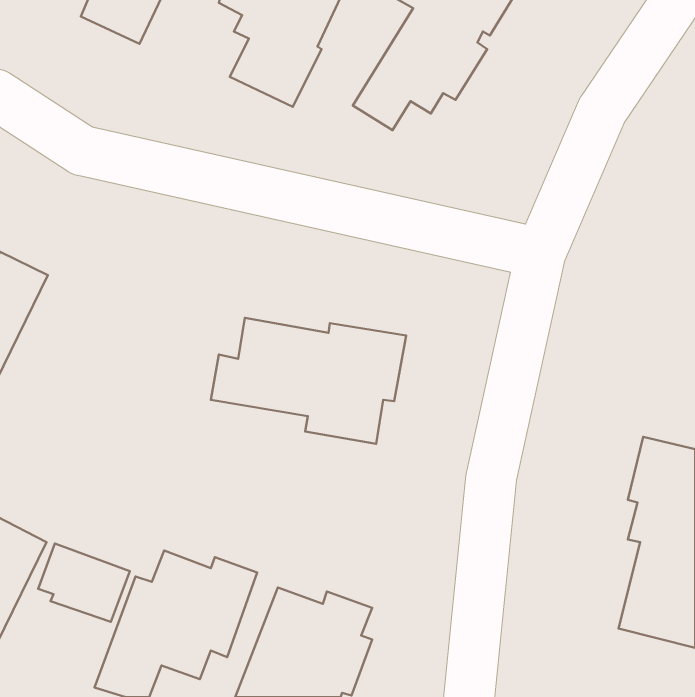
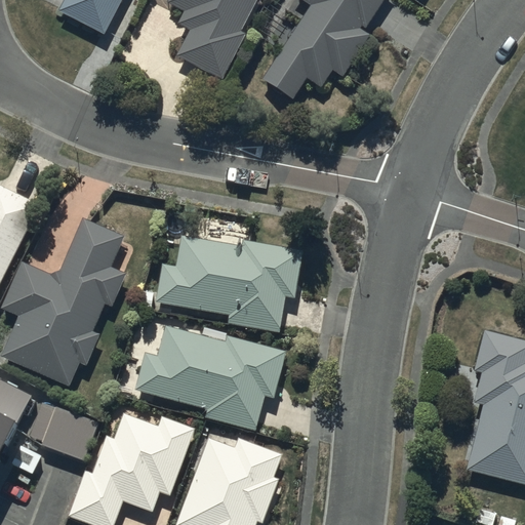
building: none -> [4,221,124,386]
building: none -> [136,327,286,428]

